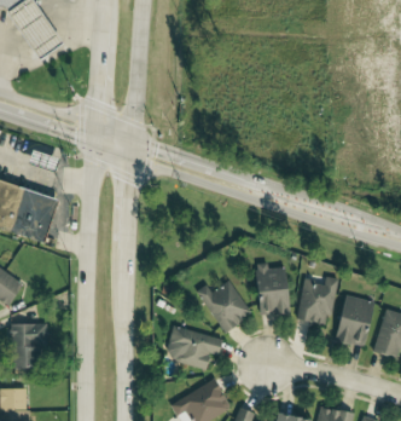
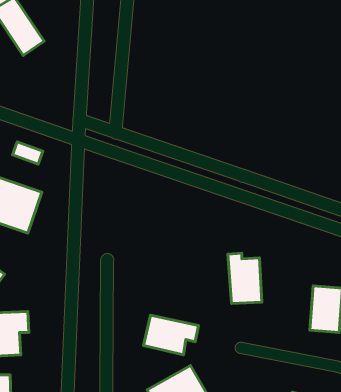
building: [297,277,337,324] -> none
building: [196,279,252,333] -> none

